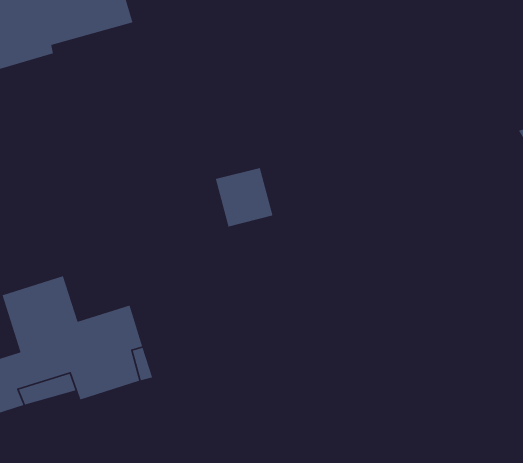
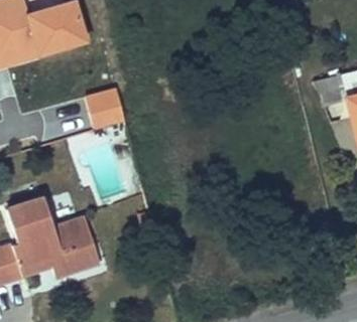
building: [215,167,273,227] -> [87,91,123,128]

